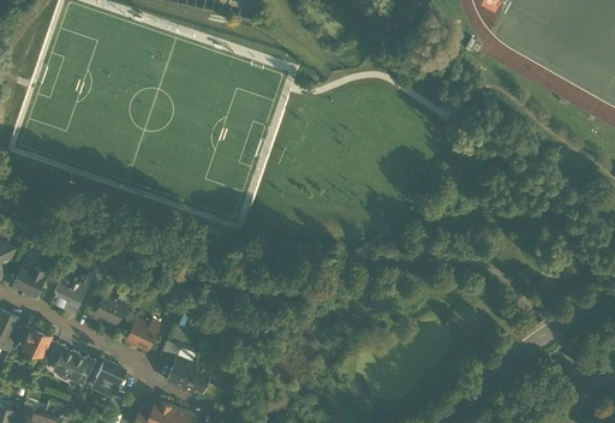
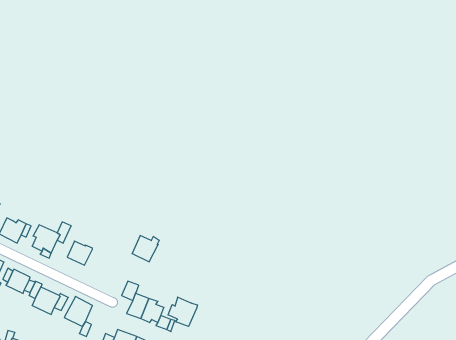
building: [125,318,157,350] -> [132,236,159,262]
building: none -> [168,297,197,326]

